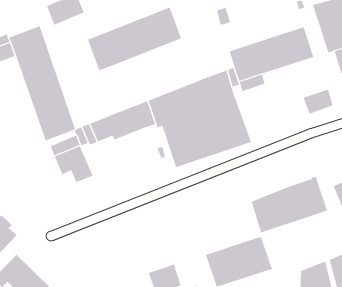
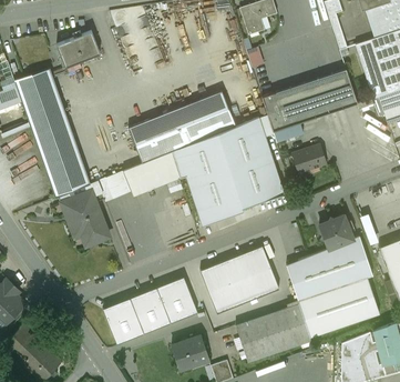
building: [87,7,182,71] -> [129,91,235,163]
building: [303,89,334,114] -> [291,144,326,173]
building: none -> [319,214,353,249]
building: none -> [201,247,278,313]
building: none -> [103,278,197,344]
building: none -> [297,278,379,338]

